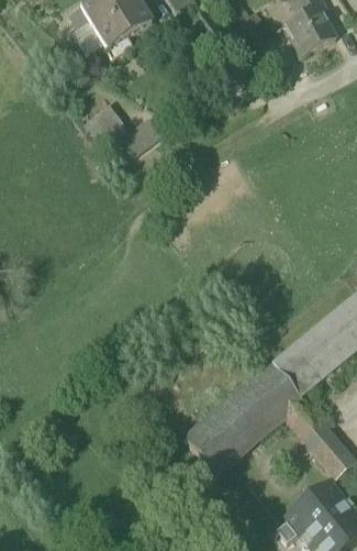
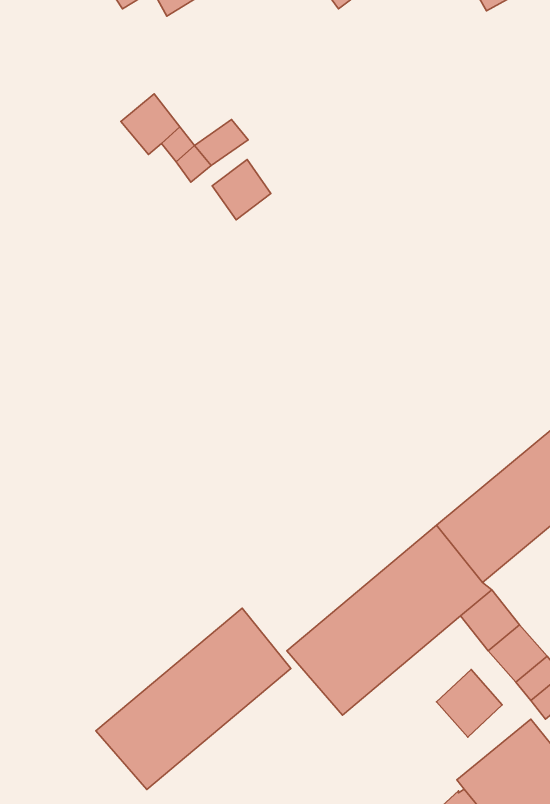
building: none -> [212,160,271,220]
building: none -> [96,608,291,790]
building: none -> [437,669,502,737]

